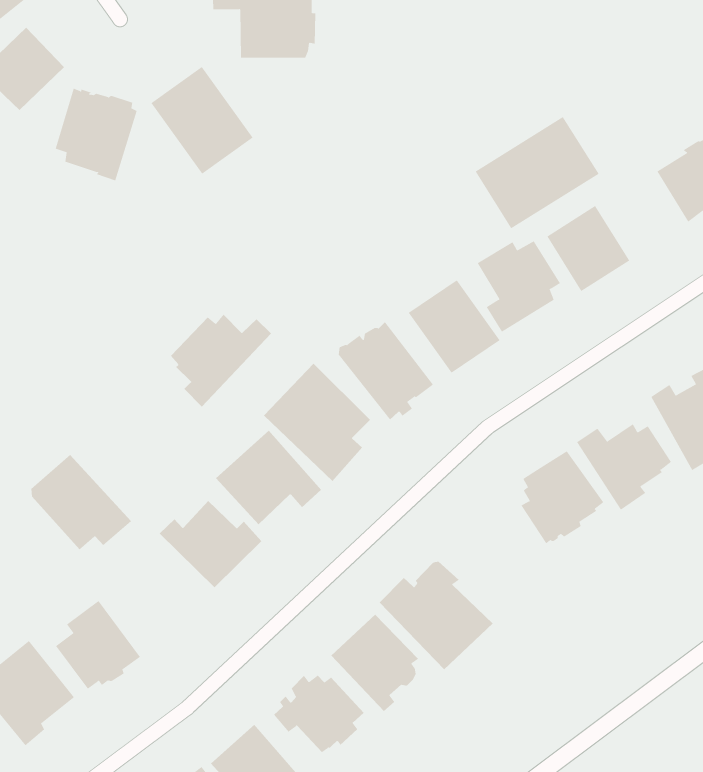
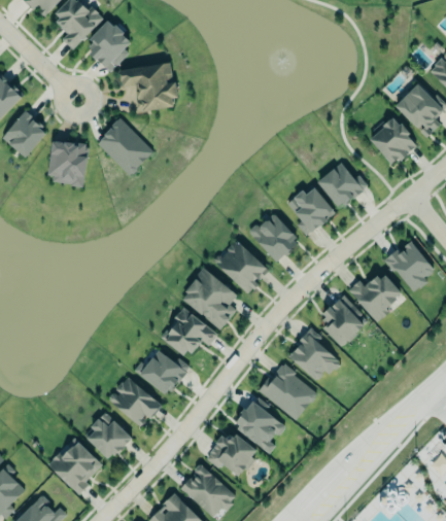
building: [475,116,599,229] -> none
building: [170,314,272,408] -> none
building: [30,454,132,550] -> [109,374,166,424]
building: none -> [286,327,340,381]

